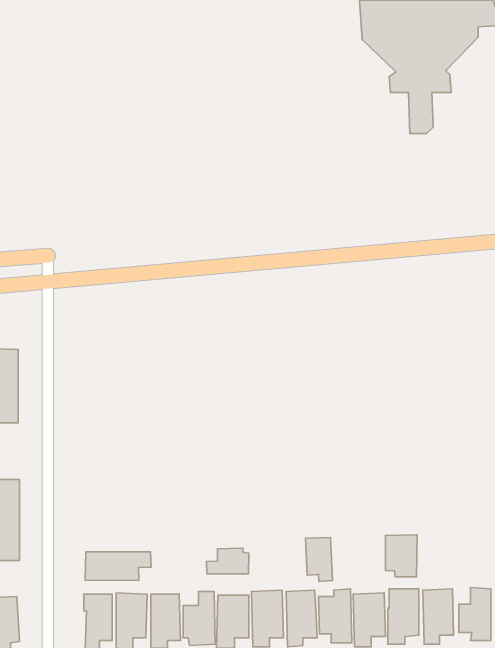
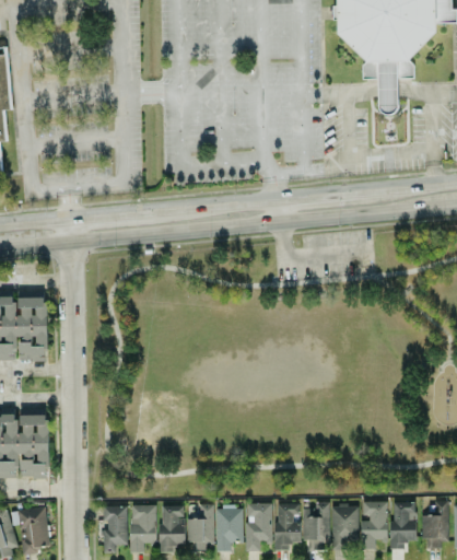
building: [386,535,417,577] -> none
building: [306,538,332,581] -> none
building: [206,548,249,574] -> none
building: [85,552,151,580] -> none

